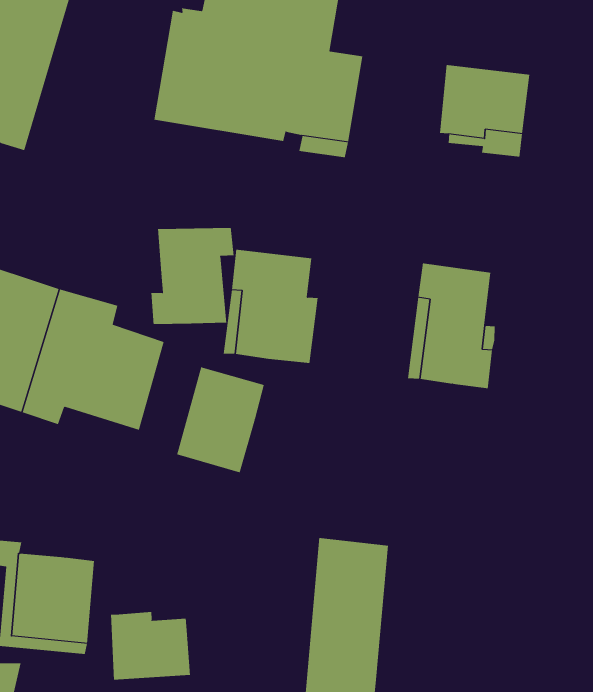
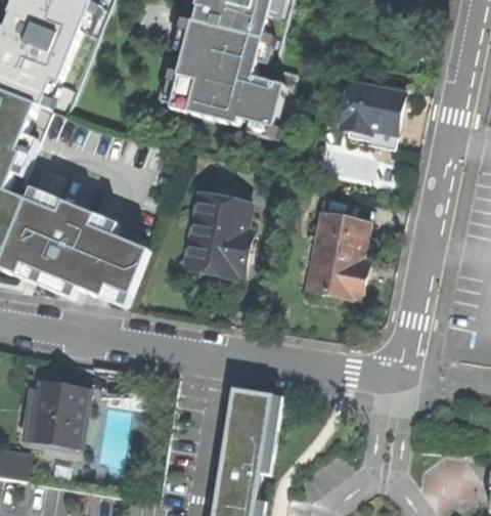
building: [151,227,234,325] -> none
building: [176,366,264,473] -> none
building: [110,611,190,681] -> none

